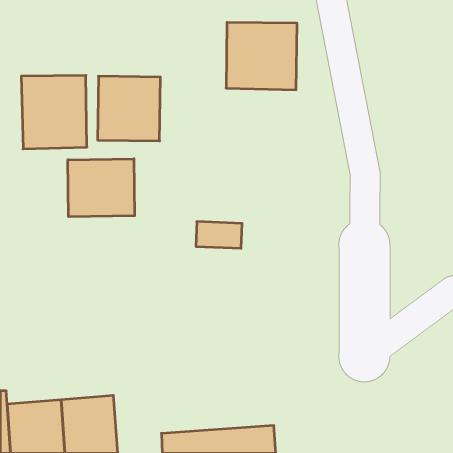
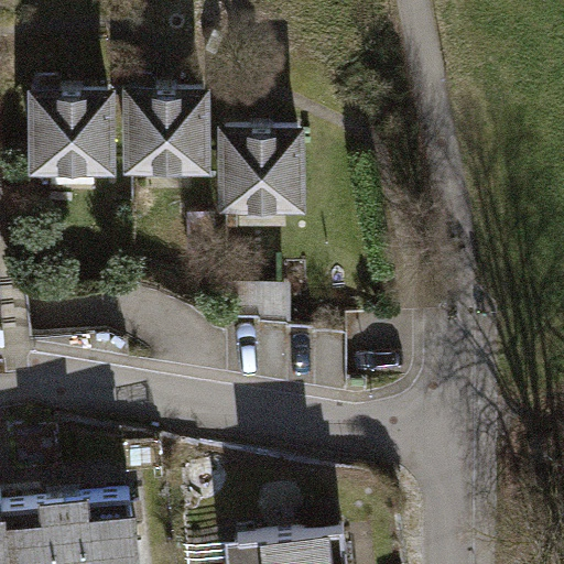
building: [226,22,297,90] -> [216,141,304,225]
building: [68,159,135,217] -> none

